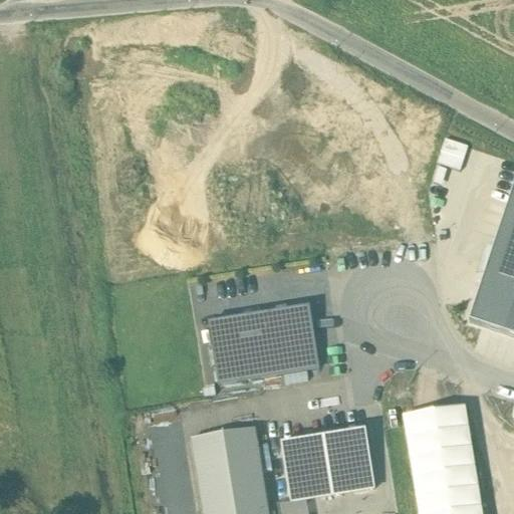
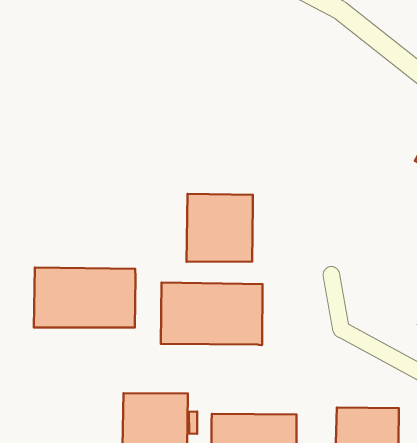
building: none -> [186,194,253,262]
building: none -> [34,267,136,328]

